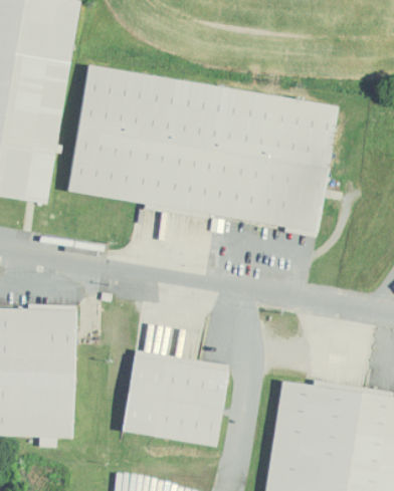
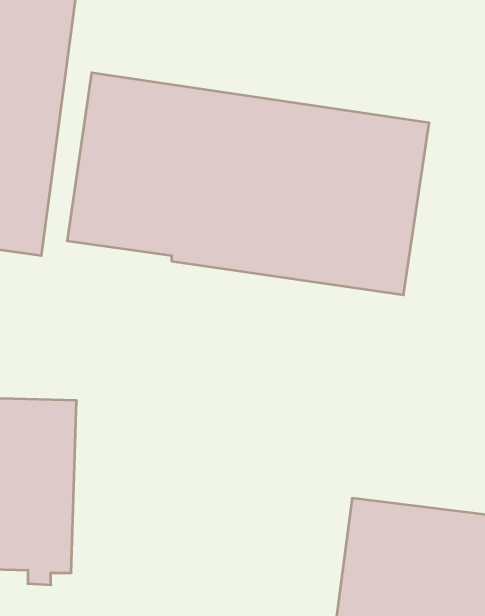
building: [124,356,227,445] -> none

